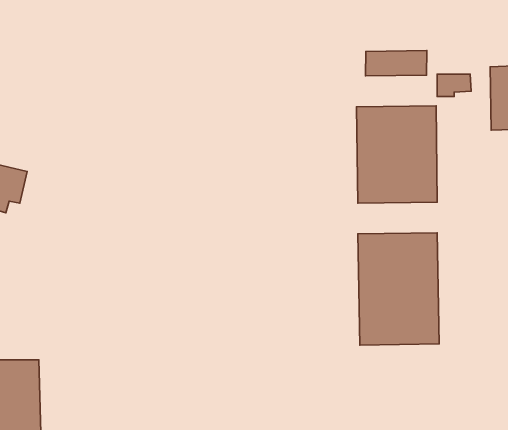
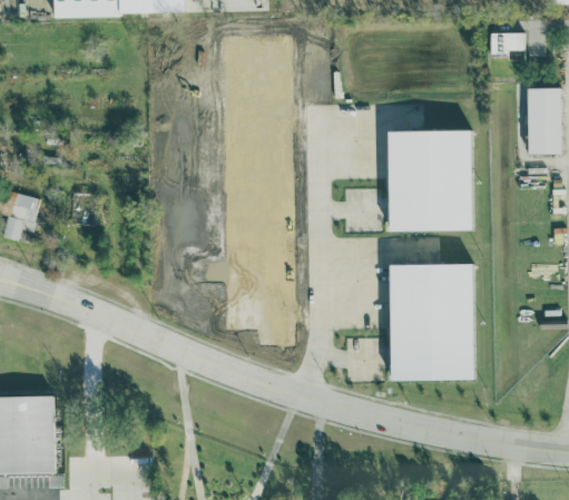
building: [366,51,427,76] -> none
building: [437,74,471,97] -> [491,32,527,56]

